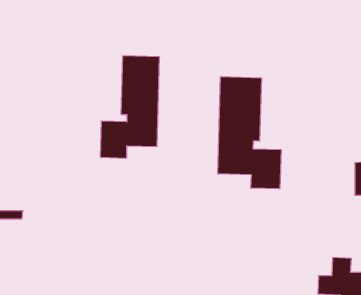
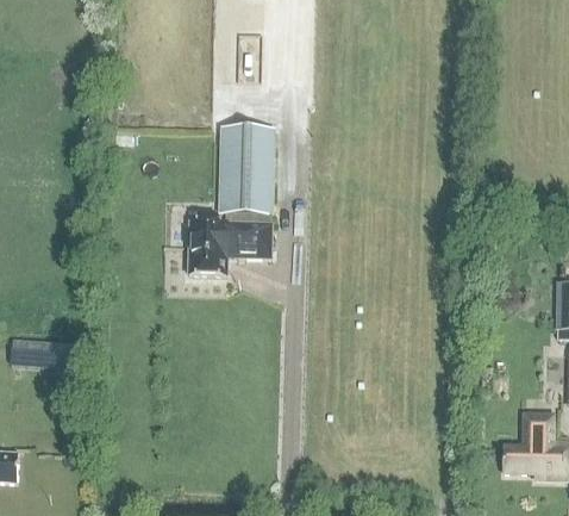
building: [218,77,281,189] -> none

